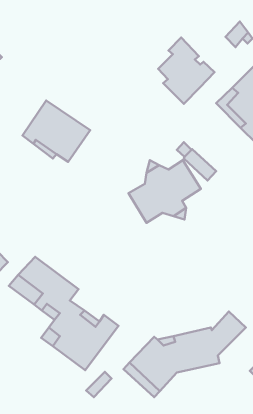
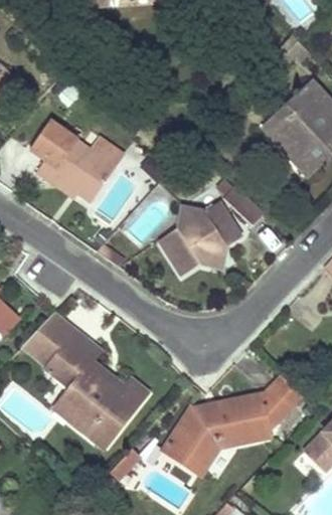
building: [158,38,214,104] -> none

